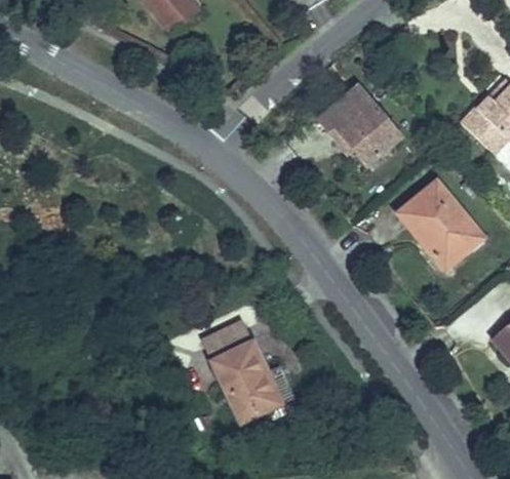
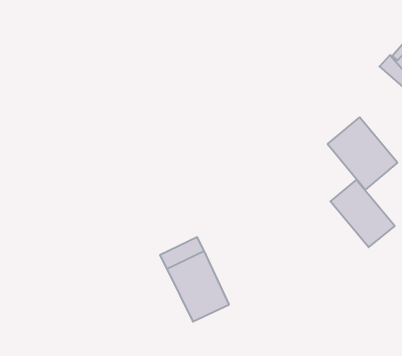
building: [320,85,399,163] -> none
building: none -> [330,180,395,247]

